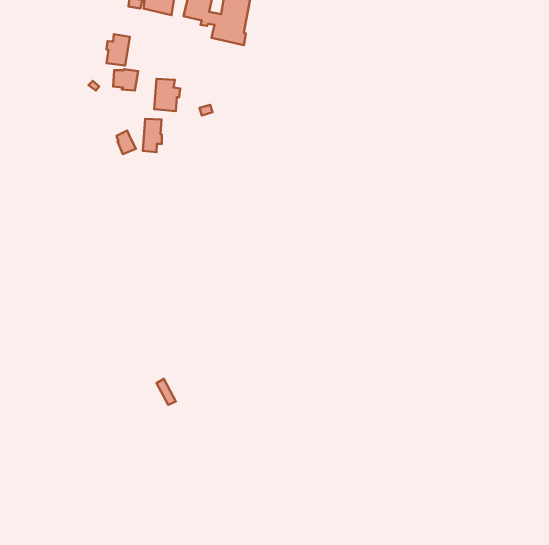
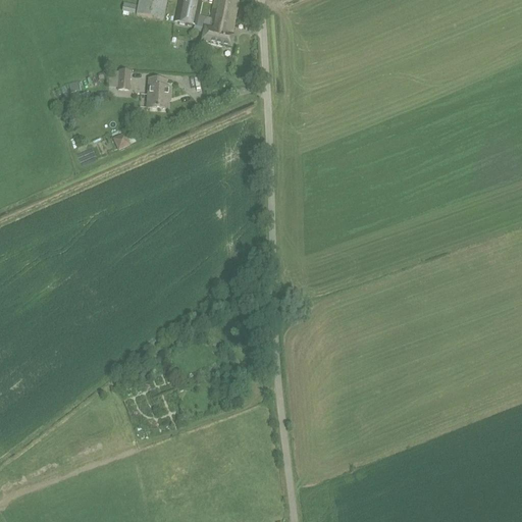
building: [106,34,130,66] -> none
building: [143,119,162,152] -> none

